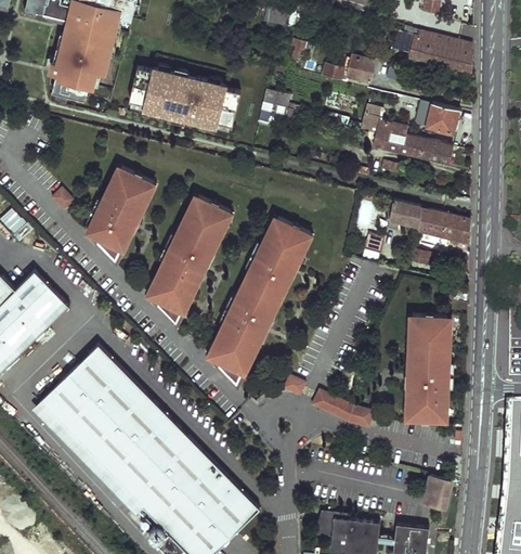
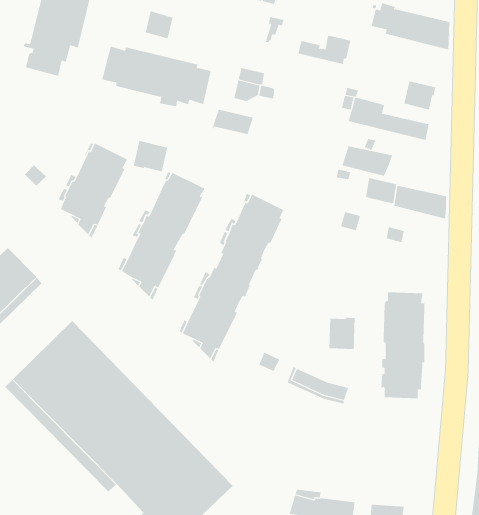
building: none -> [145,10,173,39]
building: none -> [212,109,254,135]
building: none -> [133,140,168,172]
building: none -> [342,145,393,176]
building: none -> [329,317,355,350]
building: [425,477,451,511] -> none

